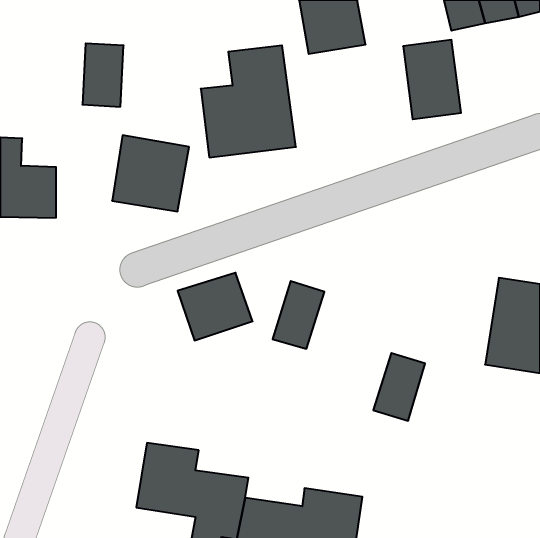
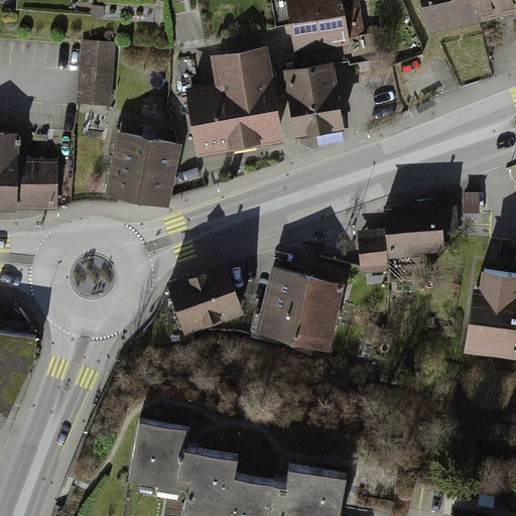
building: [403,40,461,119] -> [286,62,342,138]
building: none -> [361,204,440,273]
building: [373,353,425,421] -> [292,280,342,345]

